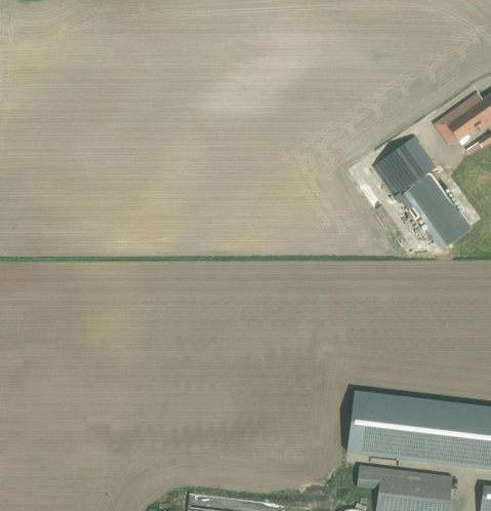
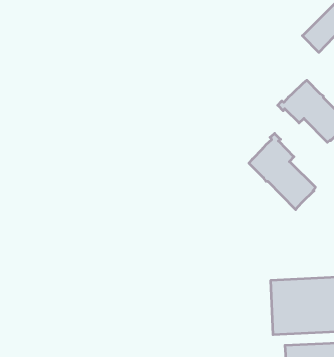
building: [373,137,436,197] -> none
building: none -> [249,133,315,210]

